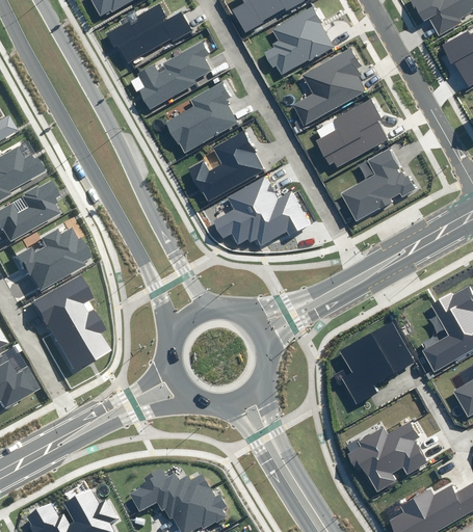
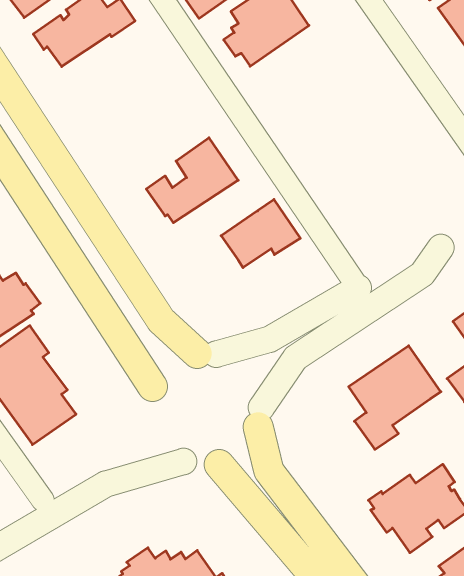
building: [137,42,211,109] -> none
building: [292,49,365,126] -> none
building: [164,82,237,152] -> none
building: [317,100,387,167] -> none
building: [339,148,415,221] -> none
building: [212,176,278,245] -> none

